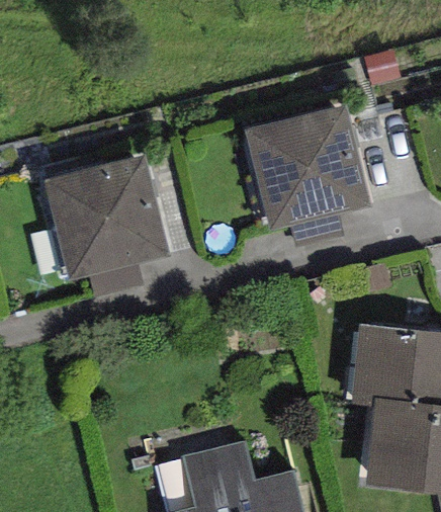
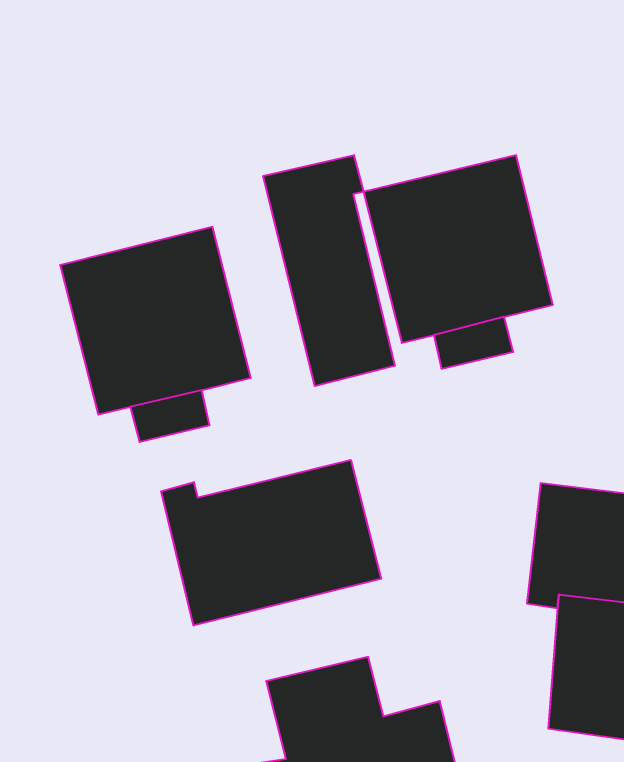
building: none -> [263,155,395,386]
building: none -> [161,460,381,626]

